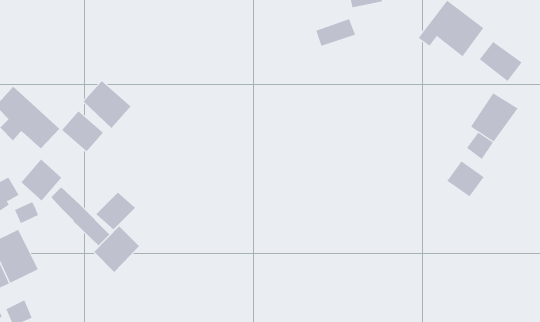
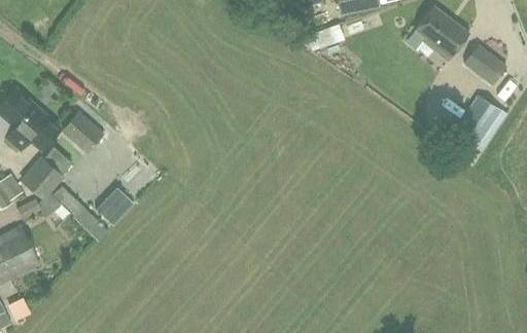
building: [83,80,132,129] -> none
building: [446,161,484,197] -> none
building: [93,226,140,273] -> none

